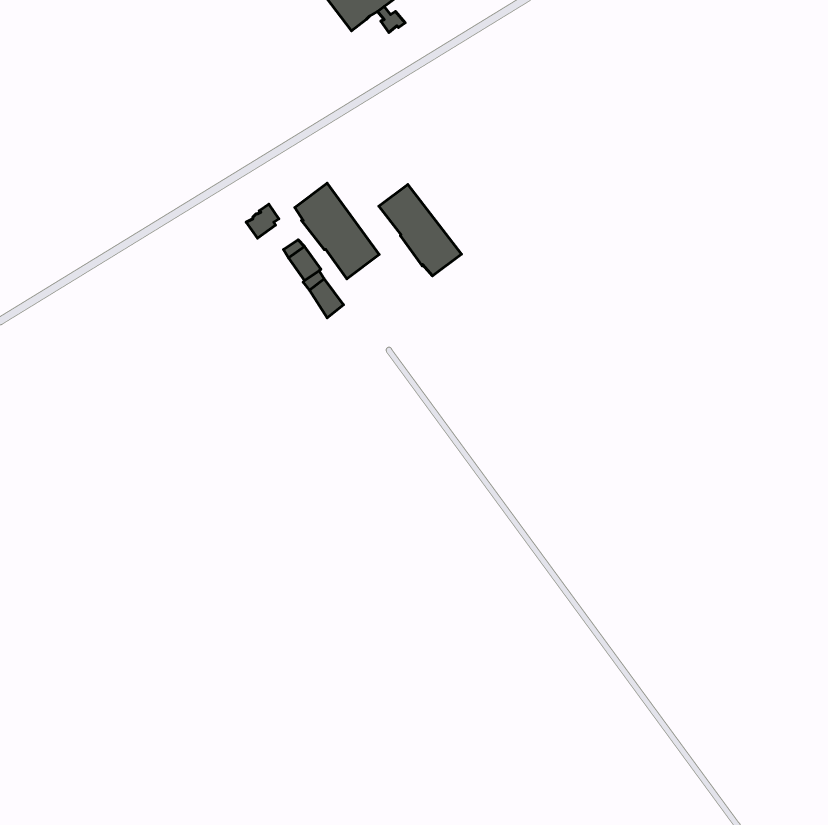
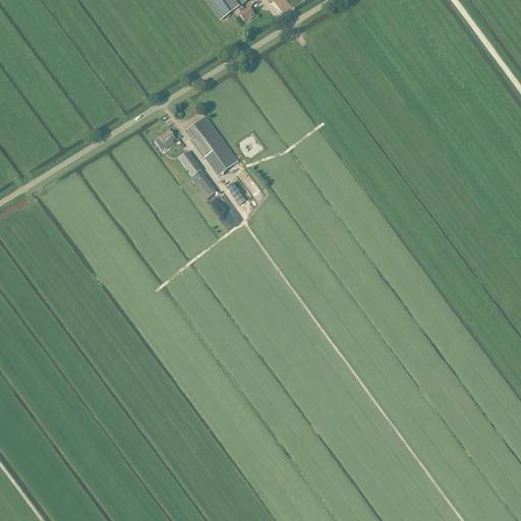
building: [379,184,462,276] -> none

